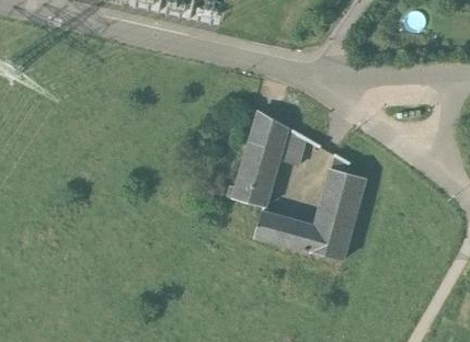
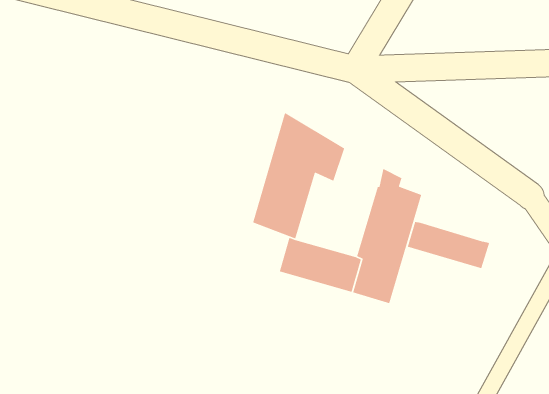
building: none -> [407,221,490,269]

